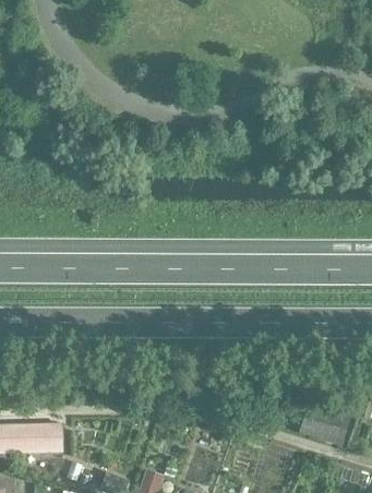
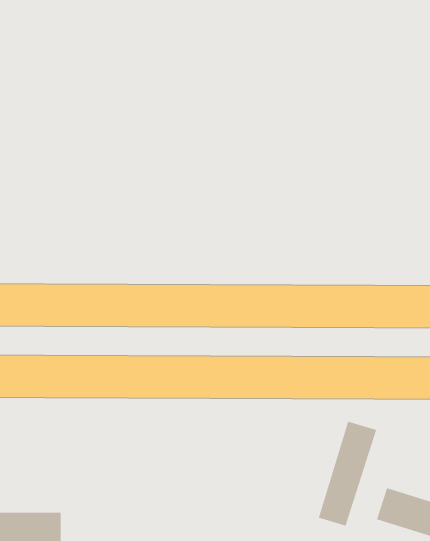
building: none -> [318,421,377,527]

